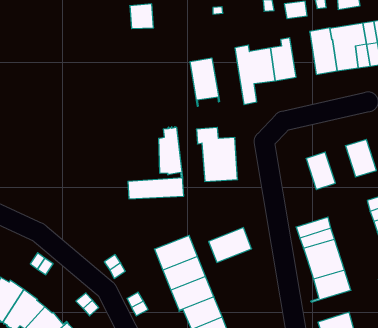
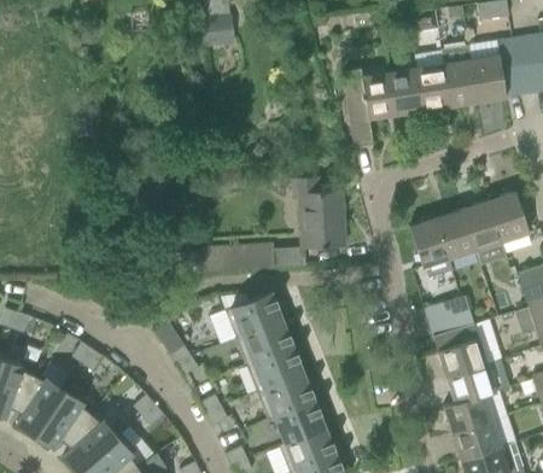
building: none -> [415,51,450,117]
building: [190,58,219,106] -> none
building: [159,127,182,178] -> none
building: none -> [462,200,502,250]
building: none -> [409,217,453,276]
building: [209,228,252,262] -> [226,291,282,337]
building: none -> [444,391,496,433]

